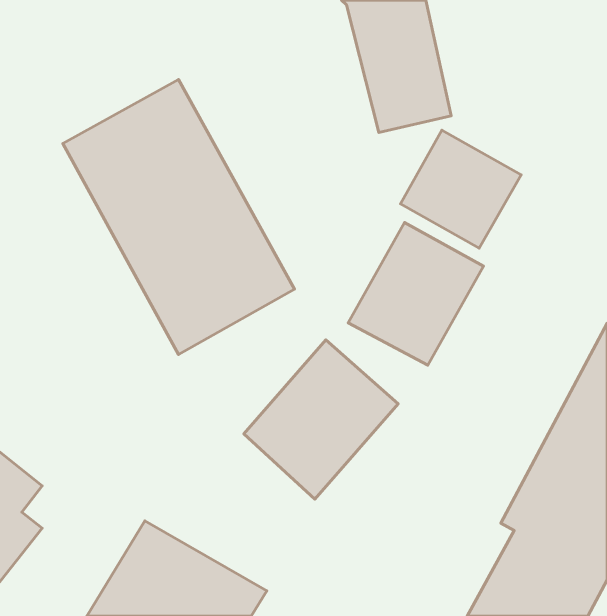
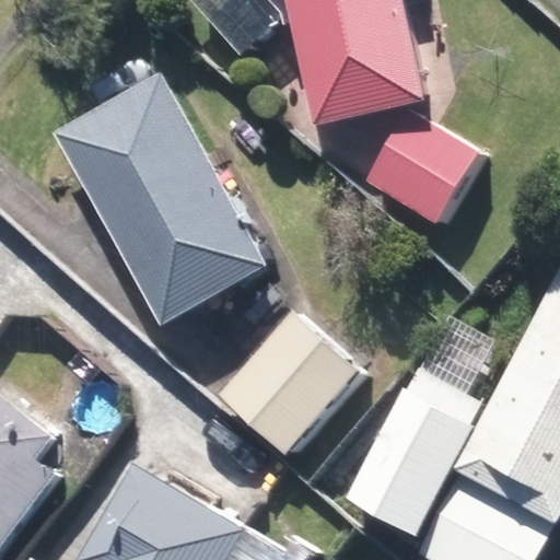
building: [348,222,484,365] -> none
building: none -> [343,377,479,538]

